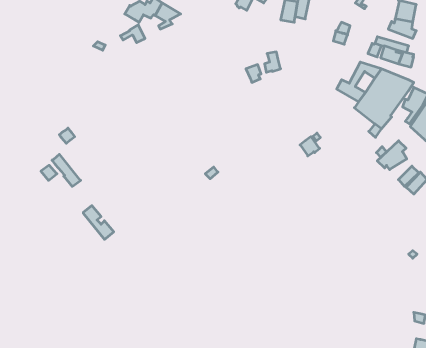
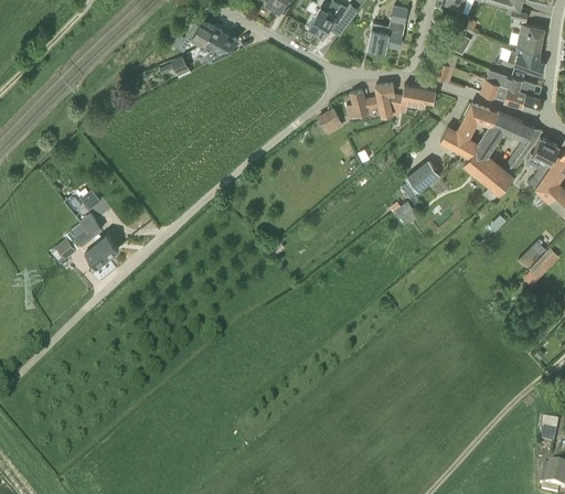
building: none -> [364,85,394,118]
building: none -> [401,86,436,106]
building: none -> [406,161,440,192]
building: [377,141,407,170] -> none
building: [83,206,114,239] -> [79,215,119,259]

